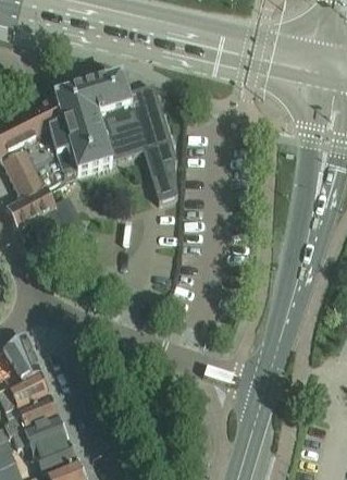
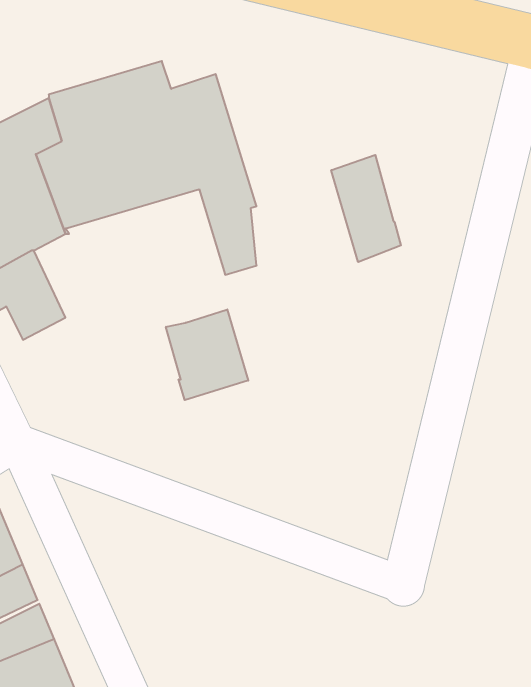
building: none -> [331,155,401,262]
building: none -> [166,309,248,400]

